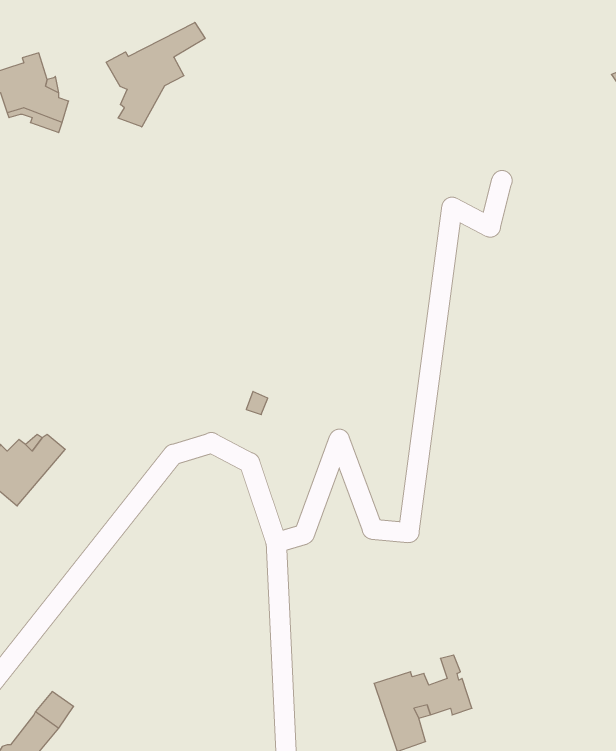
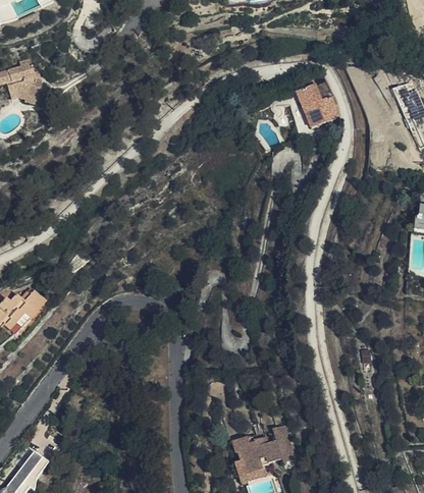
building: [106,22,205,127] -> none
building: none -> [294,77,335,126]

